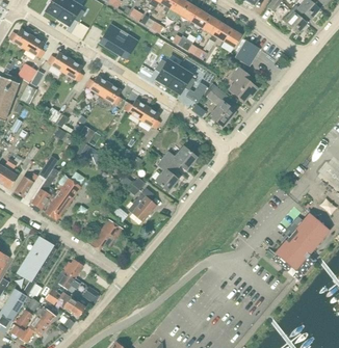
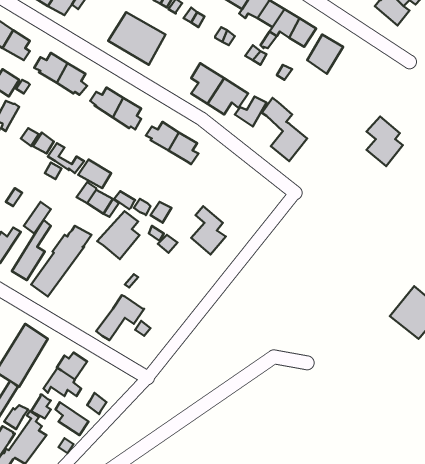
building: [231,68,256,102] -> [367,117,403,166]
building: [163,146,197,169] -> none
building: [127,188,156,221] -> [97,211,140,259]
building: [271,234,312,274] -> none

